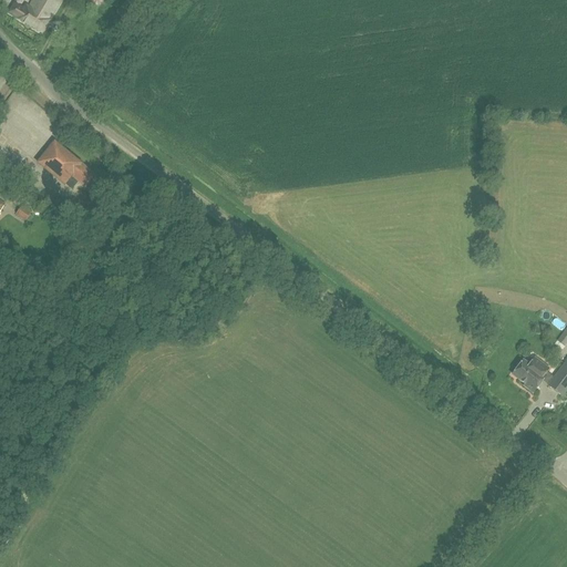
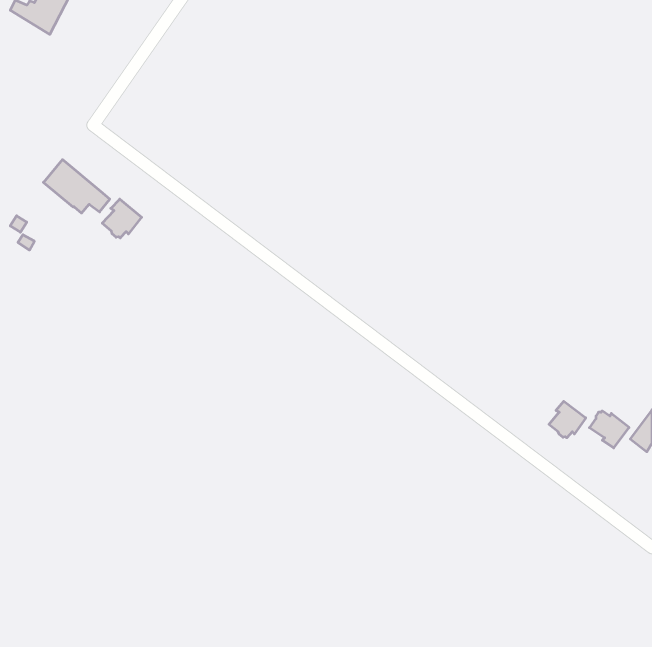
building: none -> [102,199,142,238]
building: none -> [549,401,586,438]

